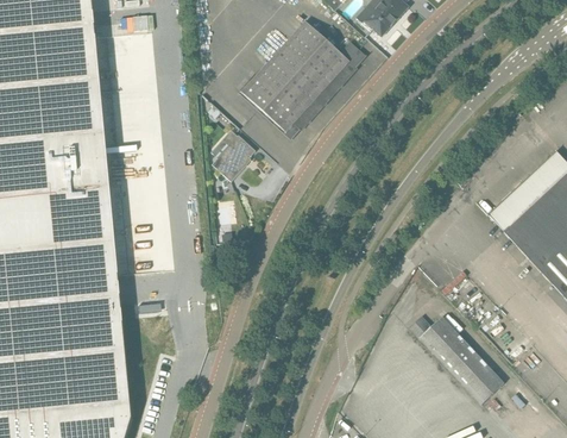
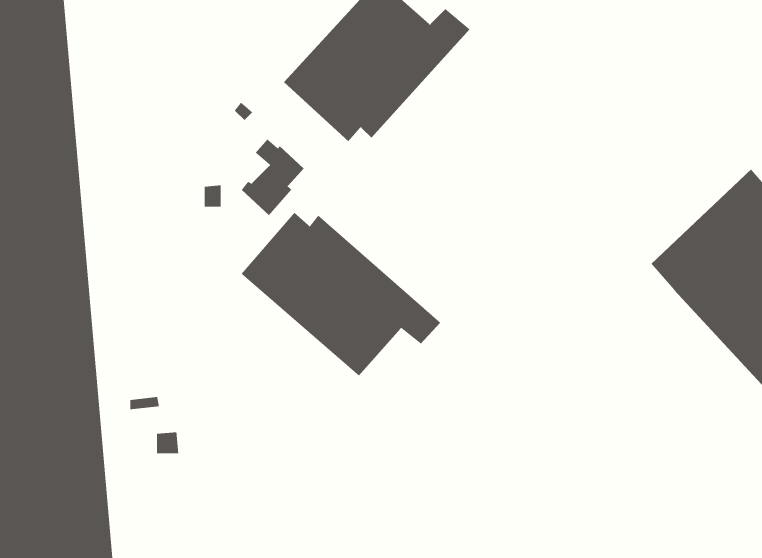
building: none -> [240,212,441,376]
building: [409,317,504,405] -> none

